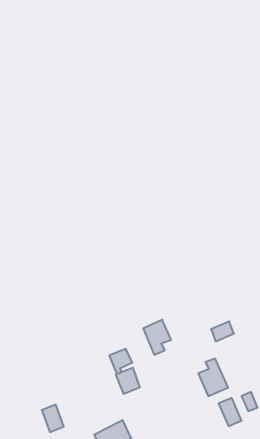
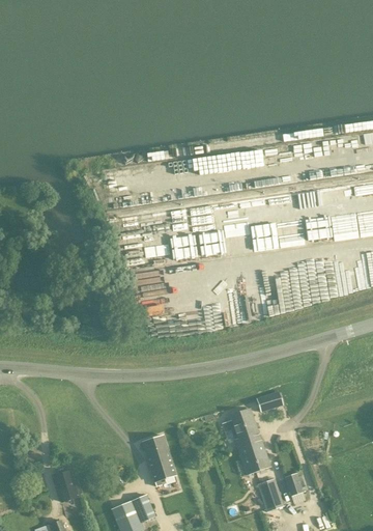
building: [143,320,171,355] -> [227,408,258,447]
building: [109,349,132,374] -> [149,457,175,485]

